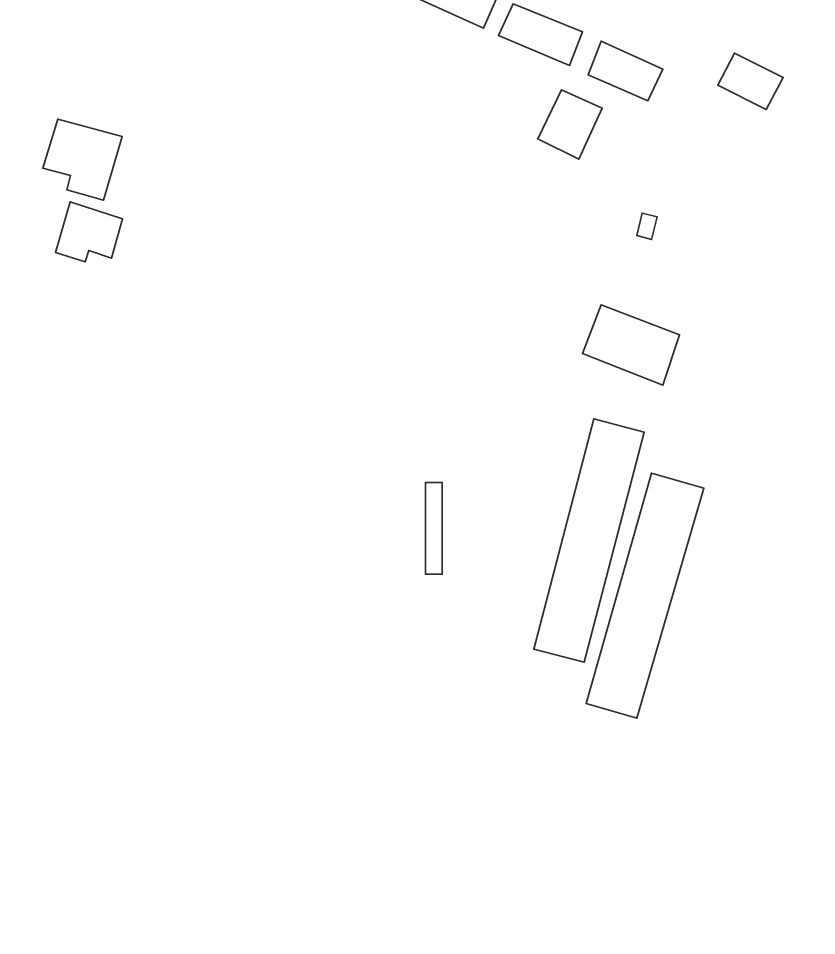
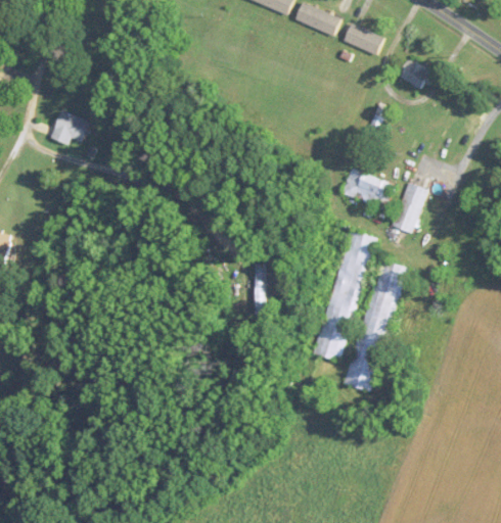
building: [718,53,783,109] -> [399,59,435,90]
building: [538,90,602,159] -> none
building: [43,119,122,200] -> none
building: none -> [390,181,427,234]

